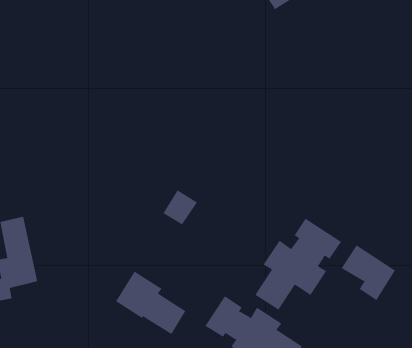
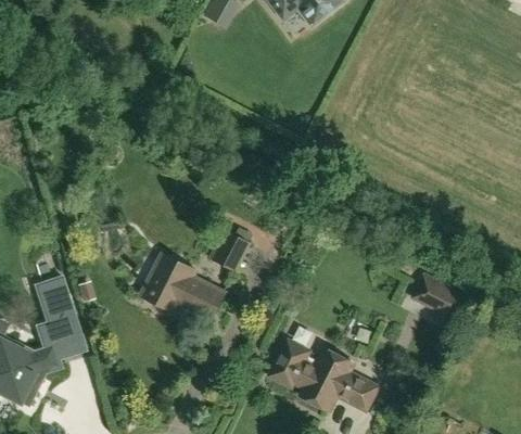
building: [255,218,342,311] -> none
building: [115,271,186,335] -> [145,254,224,319]

